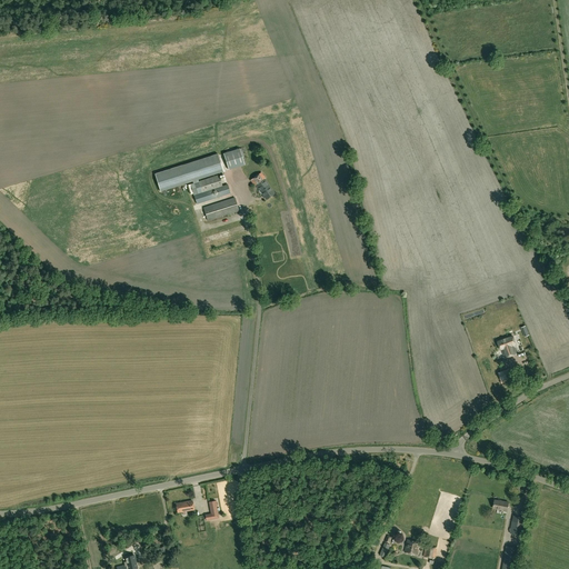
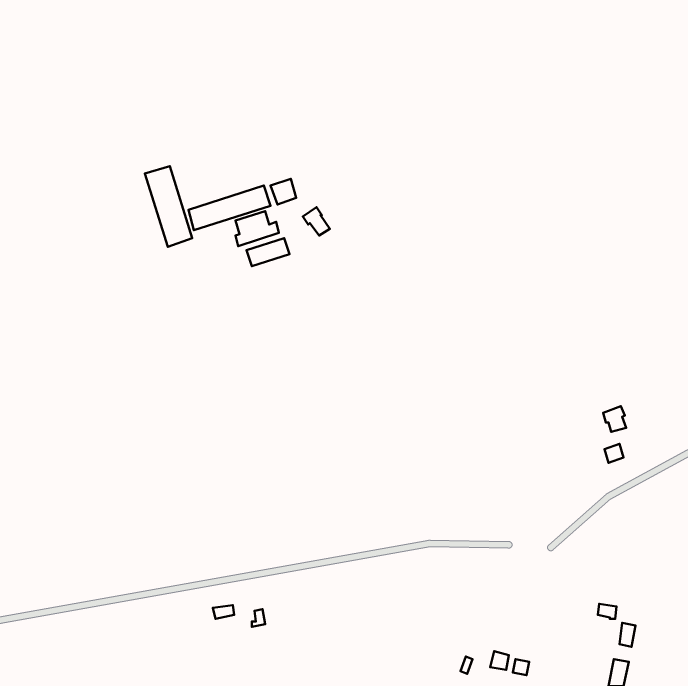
building: none -> [145,166,192,247]

